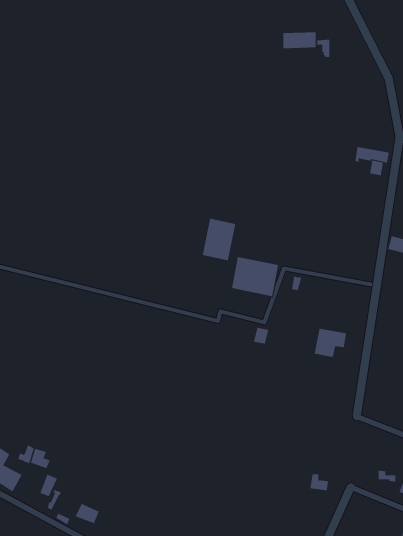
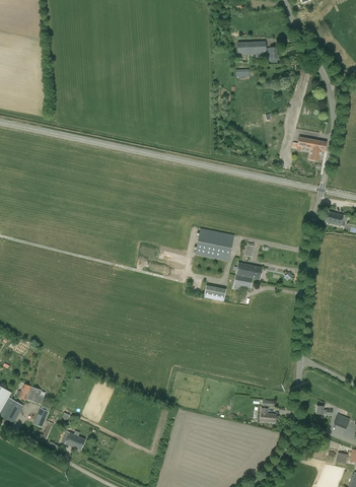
building: [202,218,236,261] -> none
building: [314,328,347,358] -> [233,263,261,287]

